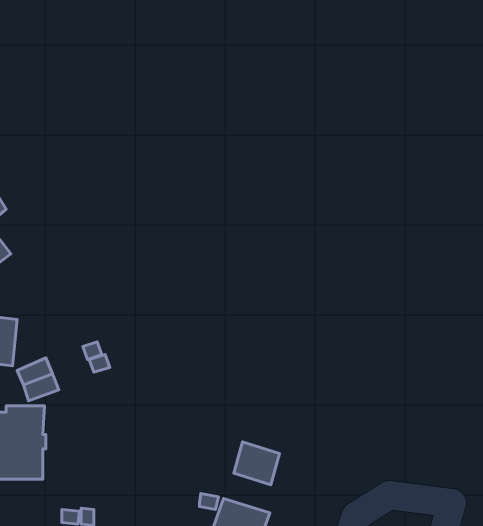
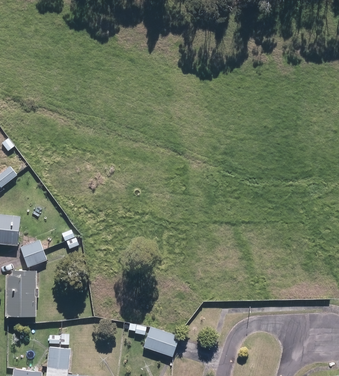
building: [234,442,279,485] -> none

